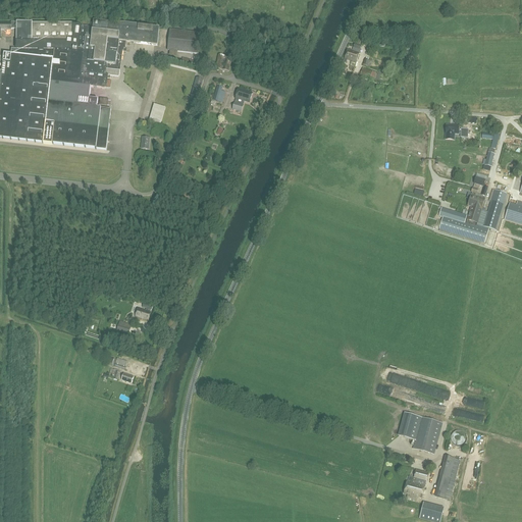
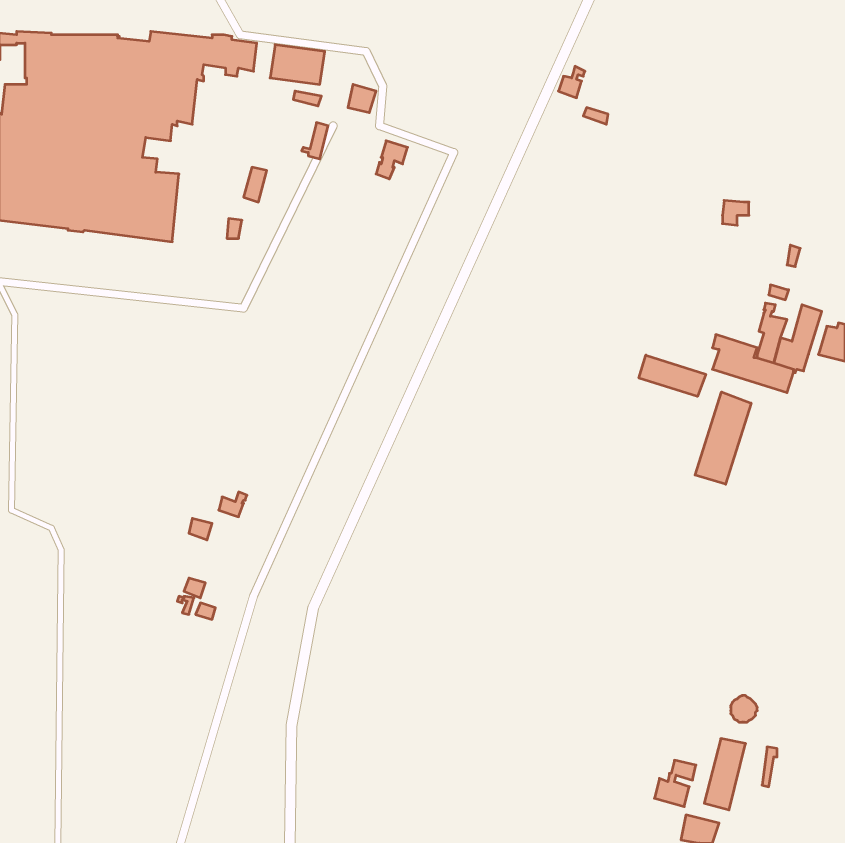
building: none -> [639,355,706,396]
building: none -> [695,392,751,484]
building: [398,411,441,453] -> none

